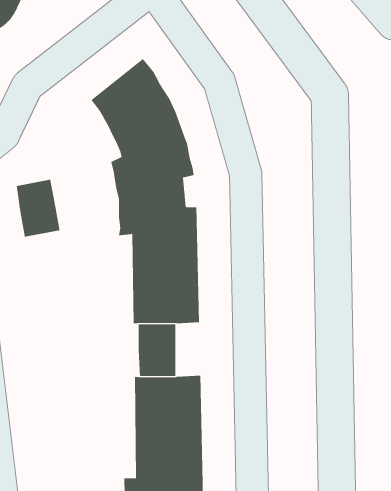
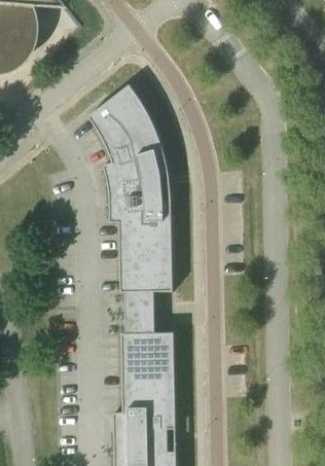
building: [16,179,60,238] -> none

